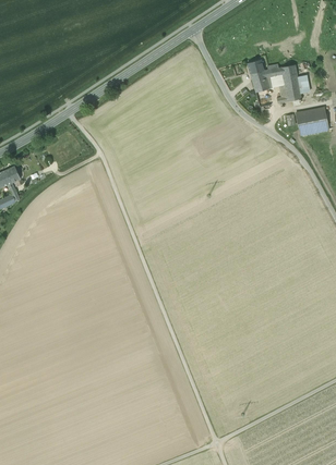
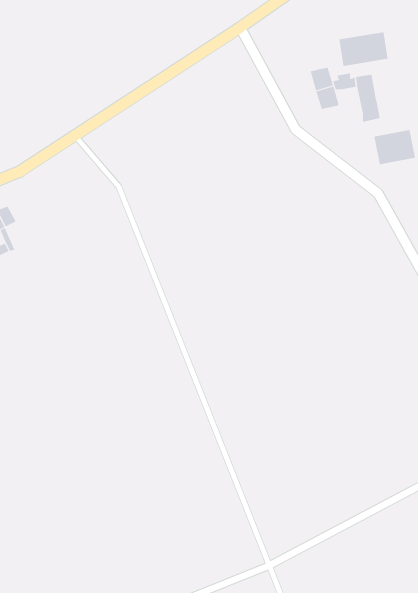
building: none -> [339,31,388,67]

